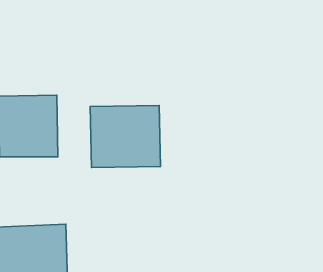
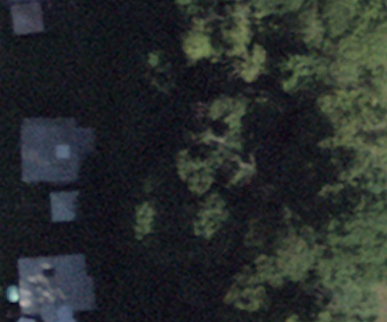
building: [90,106,161,167] -> none

